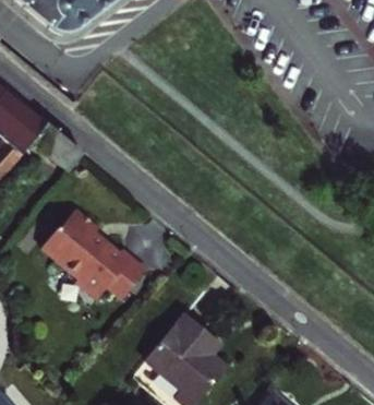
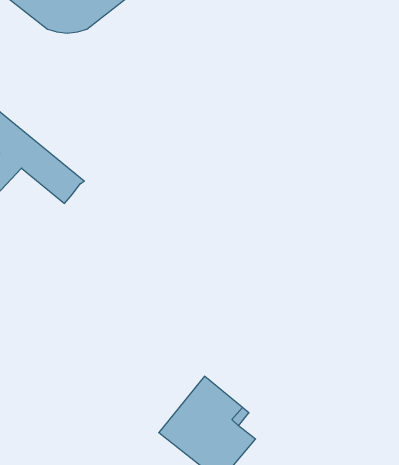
building: [41,205,147,296] -> none

